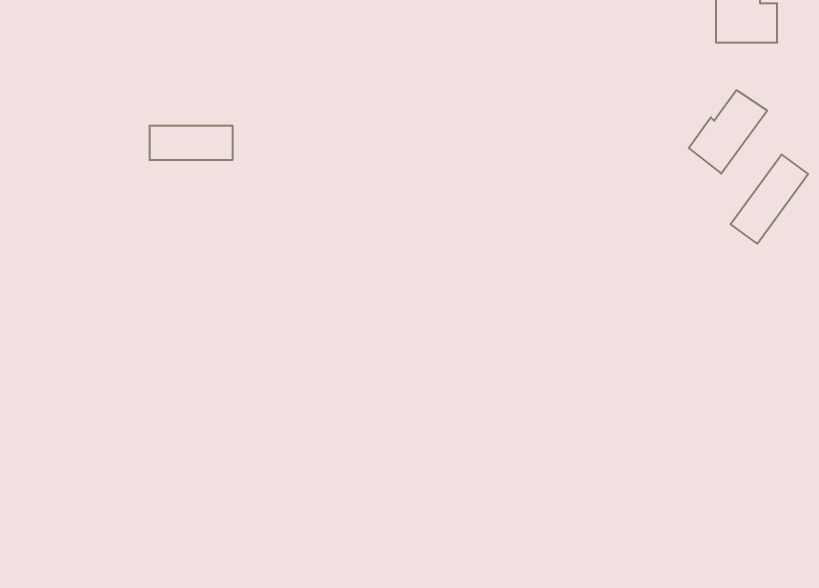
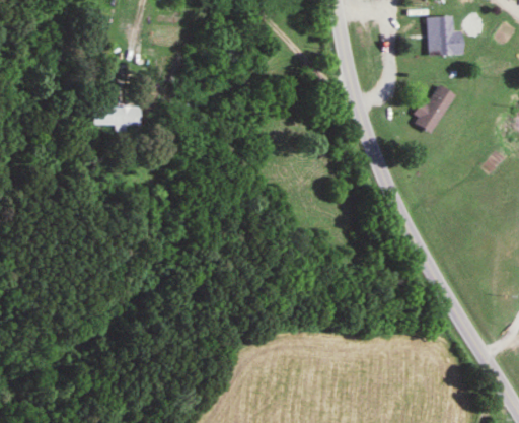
building: [731,154,808,244] -> none

